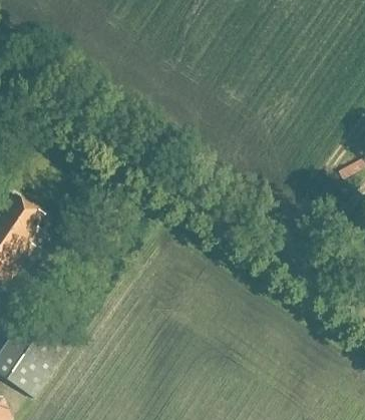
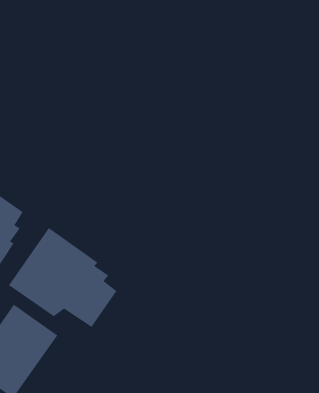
building: none -> [8,227,117,328]

